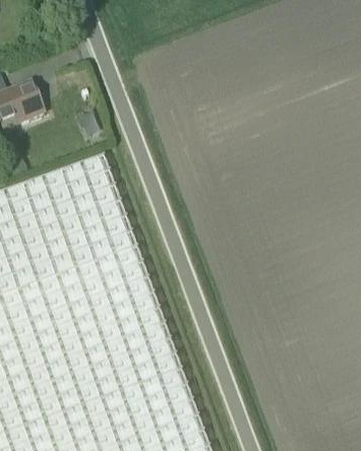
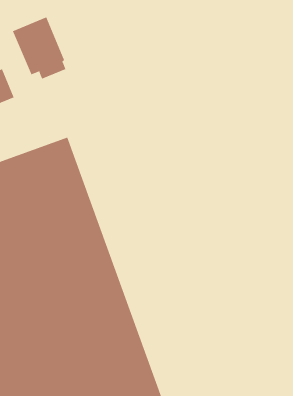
building: none -> [12,17,66,80]

